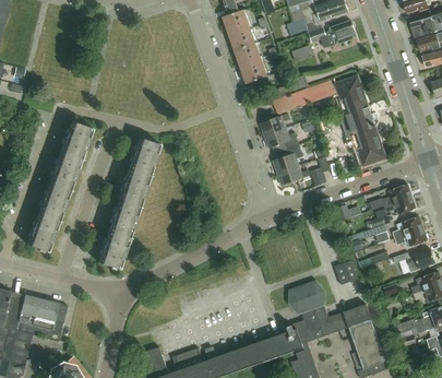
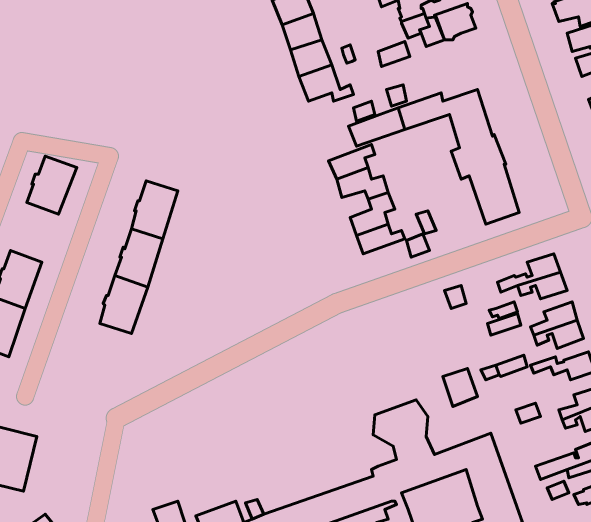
building: [50,151,82,190] -> none
building: [98,231,130,269] -> none

